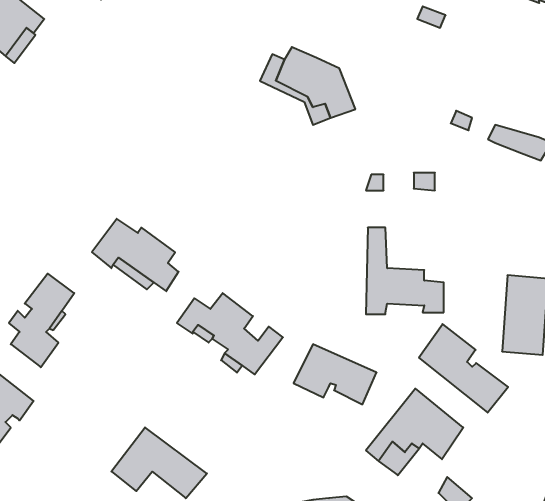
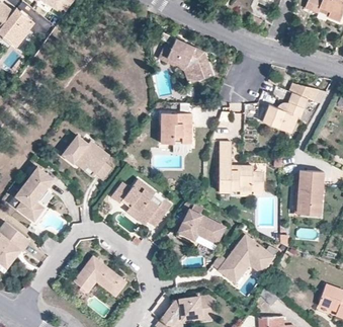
building: none -> [263,93,308,133]
building: none -> [161,112,190,143]
building: [419,324,508,413] -> none

